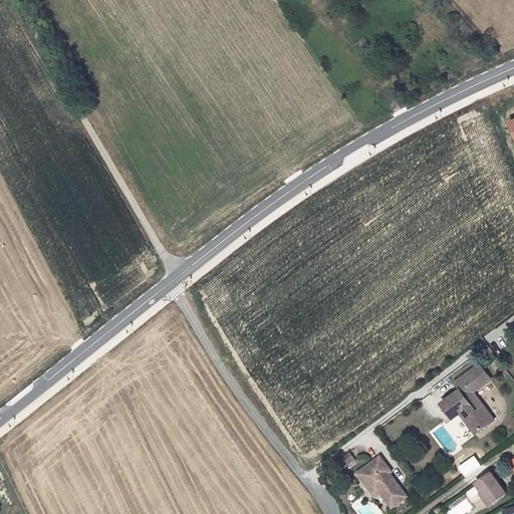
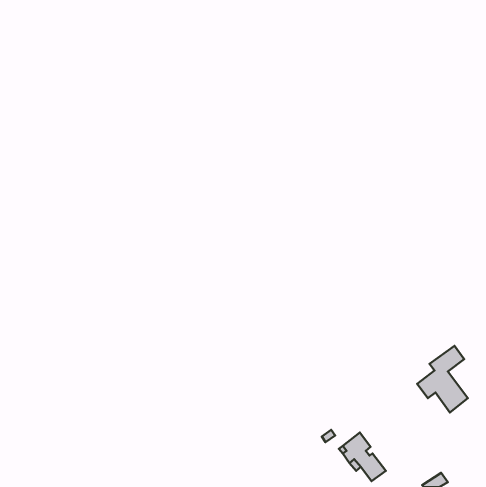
building: [475,470,506,505] -> none

